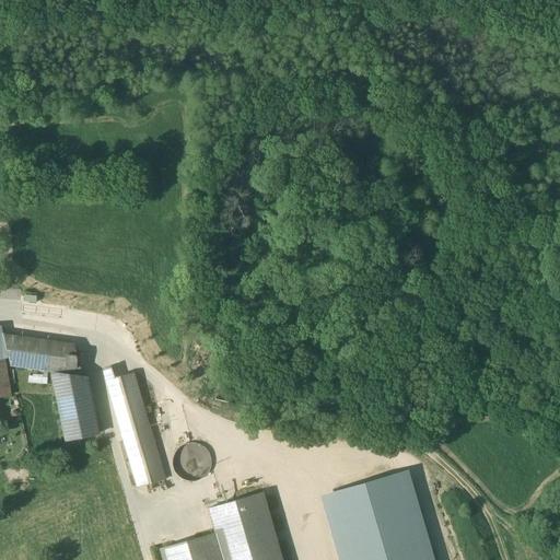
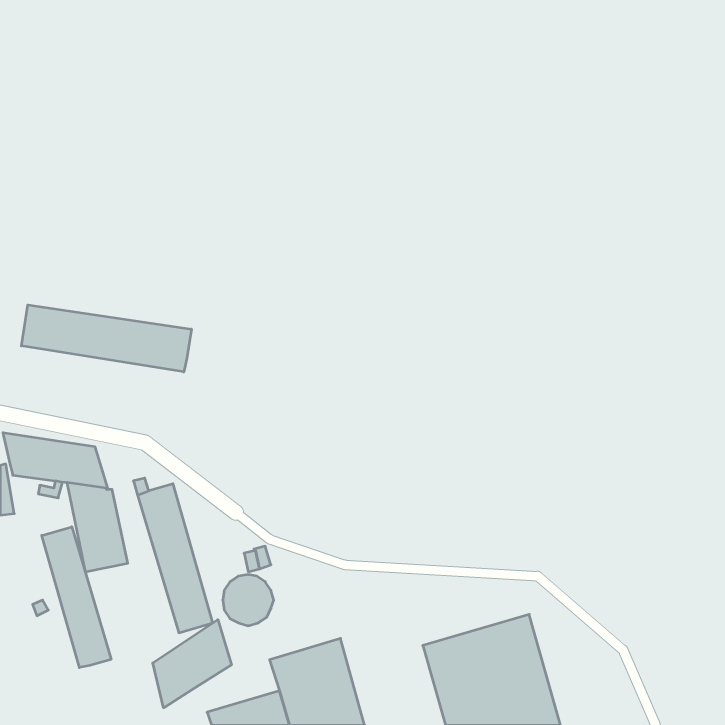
building: none -> [21,305,191,372]
building: none -> [42,527,111,668]
building: none -> [153,620,231,708]

